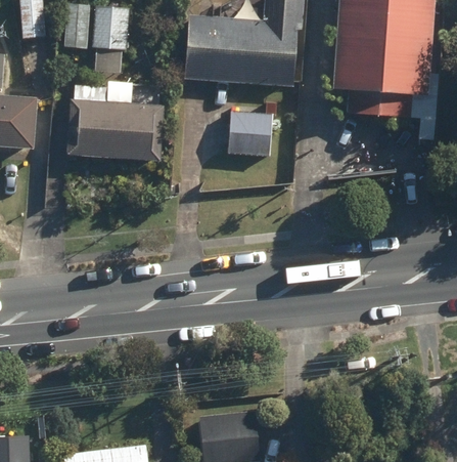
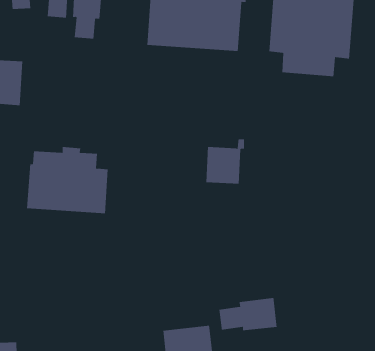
building: [68,83,165,162] -> [26,146,108,214]
building: [231,103,277,157] -> [205,139,245,184]
building: none -> [219,297,277,331]

